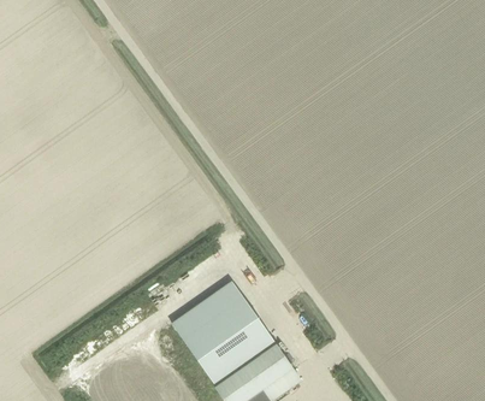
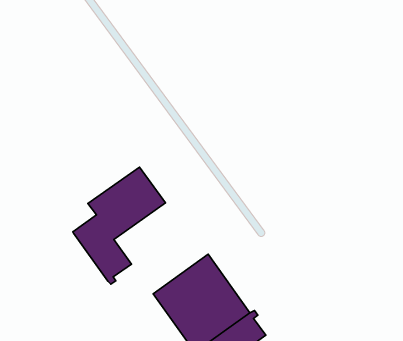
building: none -> [73,167,166,284]

